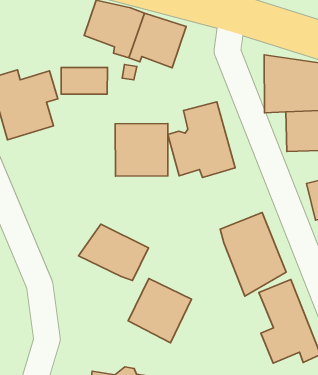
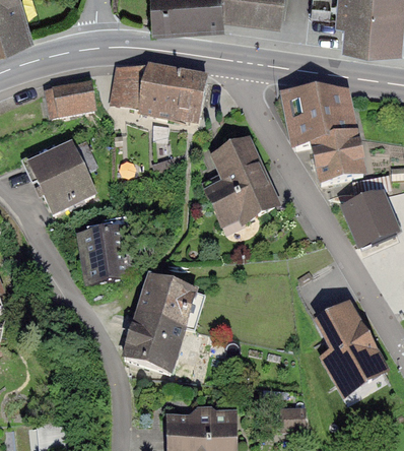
building: [61,67,107,94] -> [46,82,93,115]
building: [115,124,168,176] -> [78,227,136,284]
building: [220,213,286,296] -> none
building: [128,278,192,343] -> [125,311,182,369]

